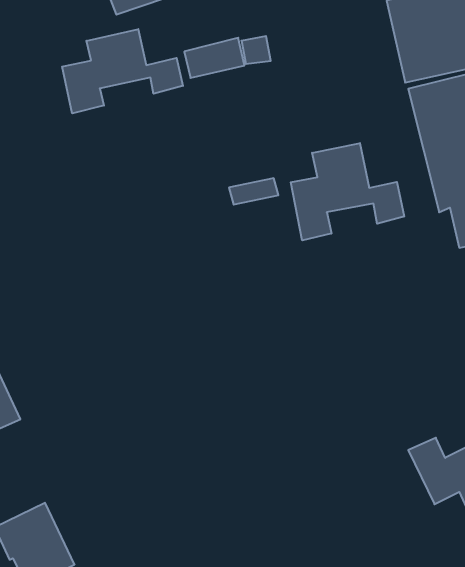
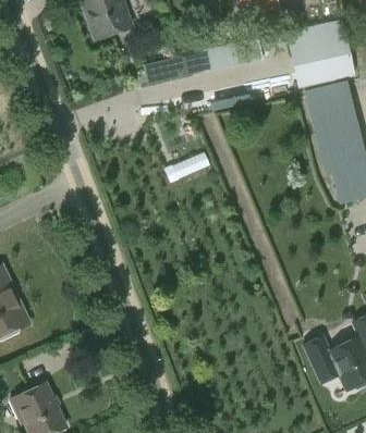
building: [62,29,183,113] -> none
building: [291,143,404,240] -> none

